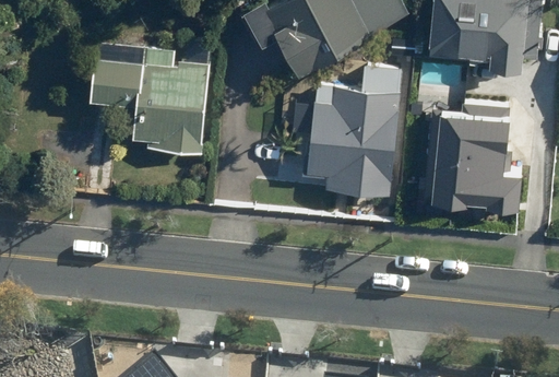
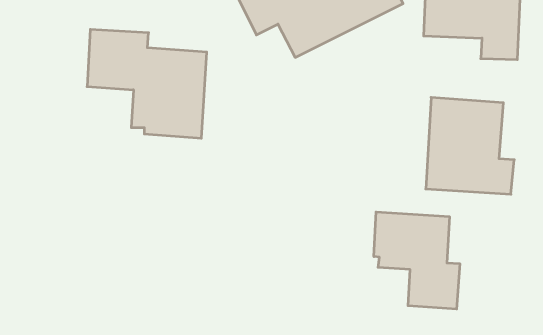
building: [305,82,400,197] -> none
building: none -> [374,212,460,309]

